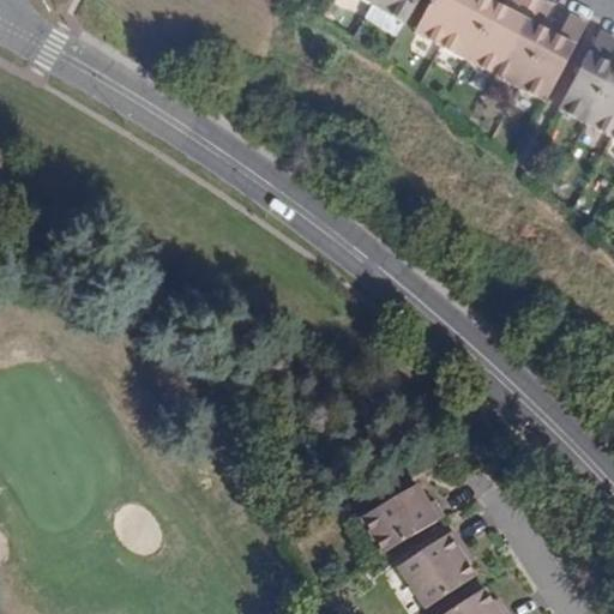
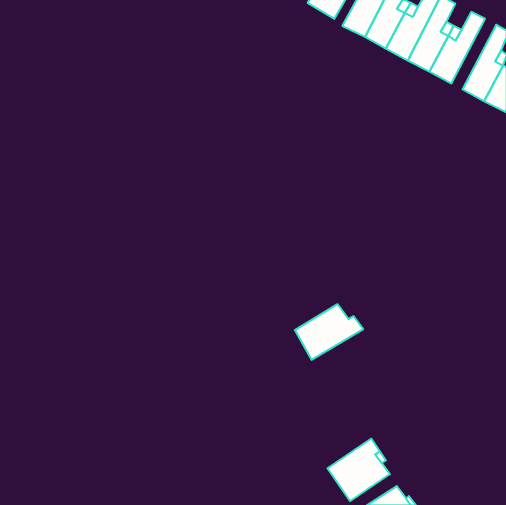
building: [361,486,444,553] -> [295,304,363,360]

